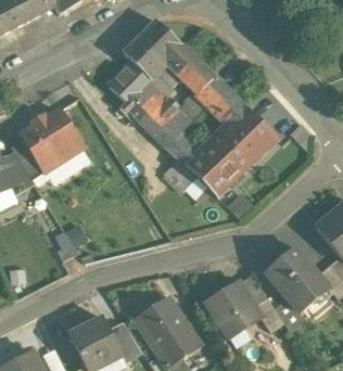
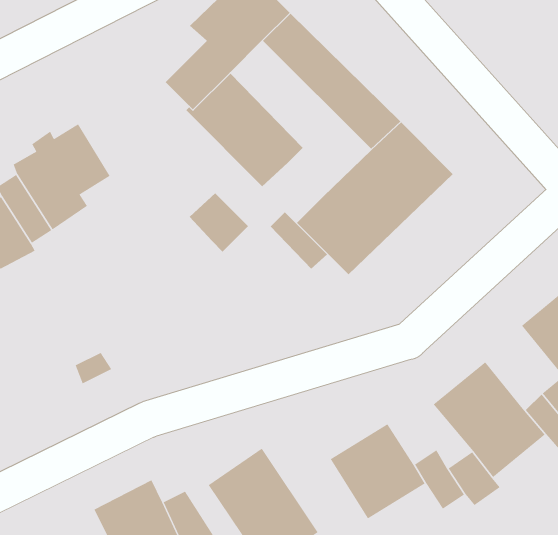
building: [165,131,200,166] -> [189,192,249,252]

